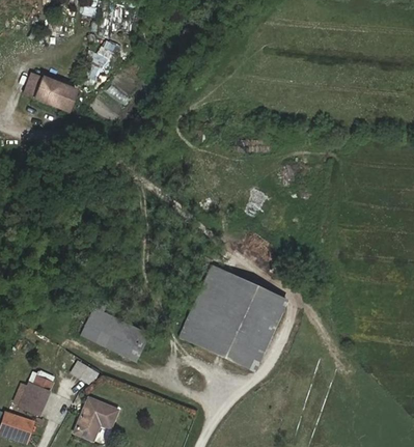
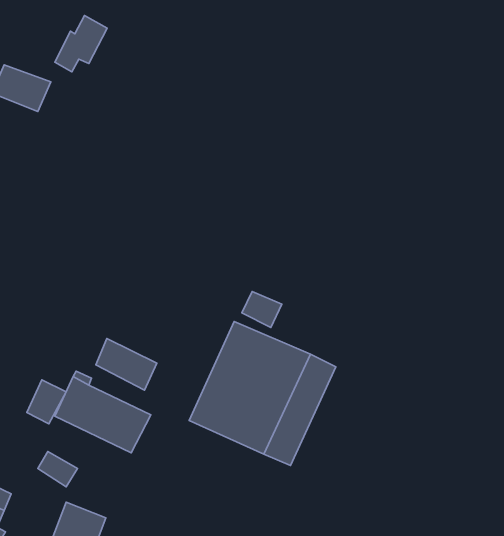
building: none -> [242,292,282,328]
building: none -> [96,339,157,390]
building: none -> [27,380,66,424]

